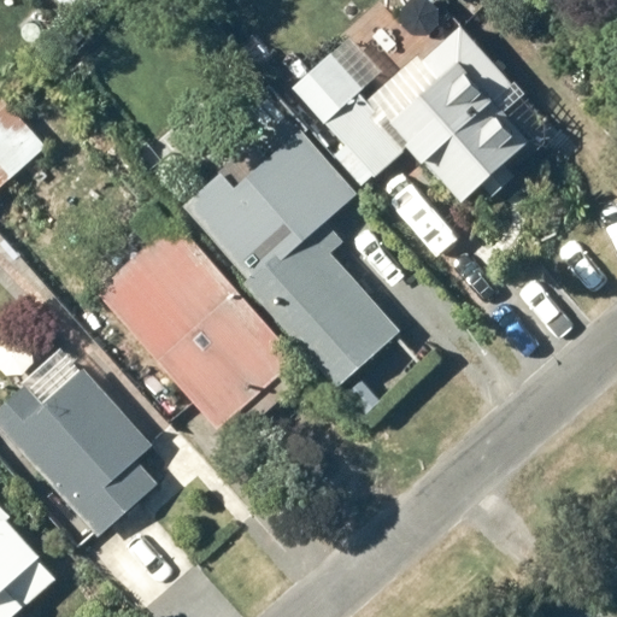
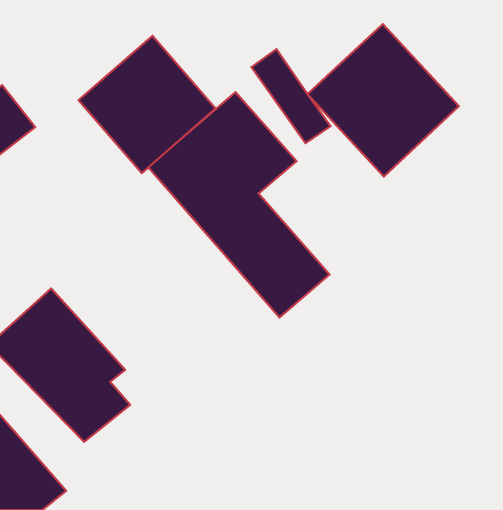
building: none -> [79,36,216,173]
building: [93,218,294,428] -> none

